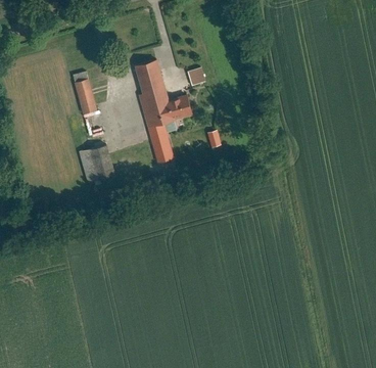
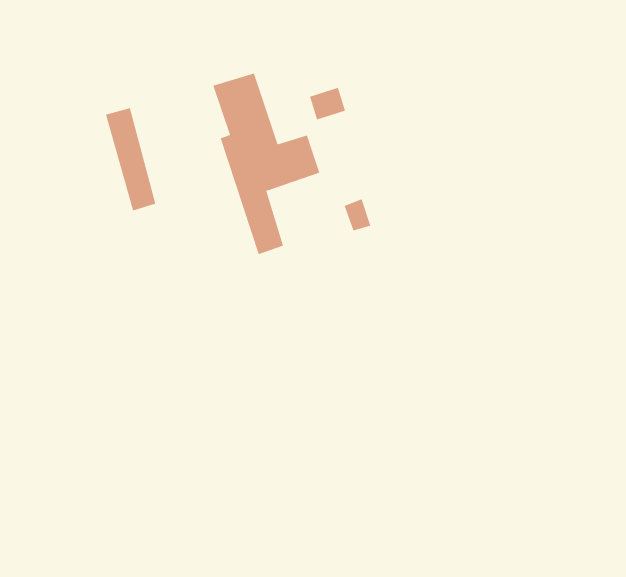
building: [80,145,114,183] -> none

